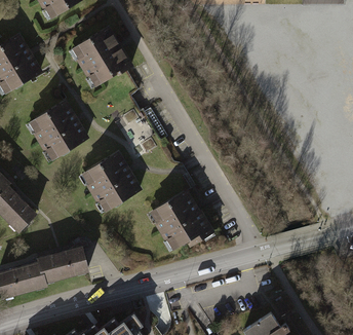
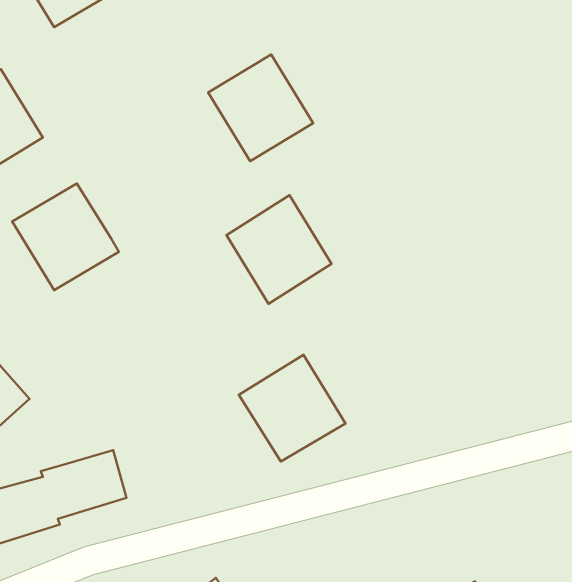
building: [71,25,127,82] -> [208,55,313,161]
building: [84,155,141,214] -> [227,195,331,304]

